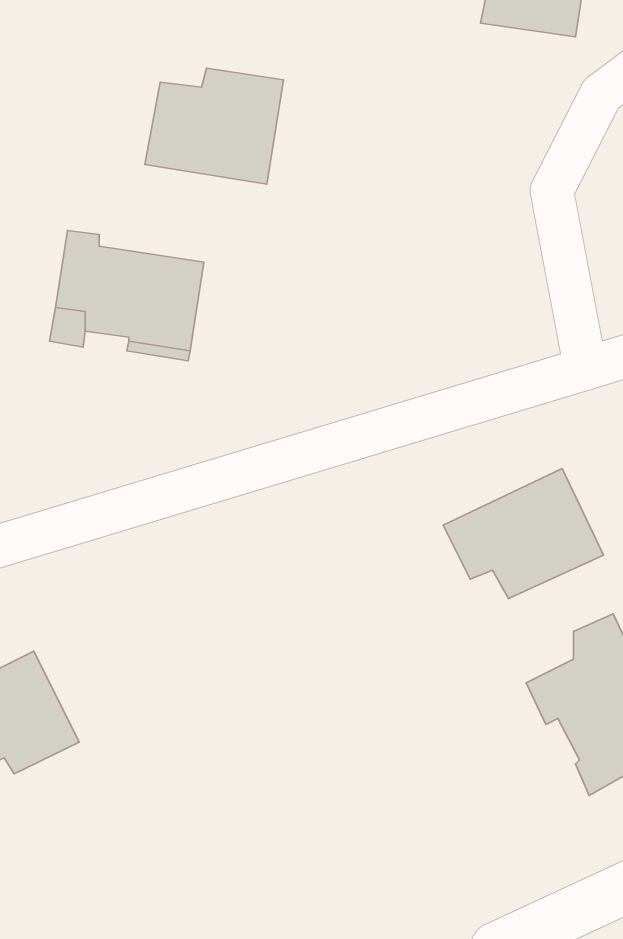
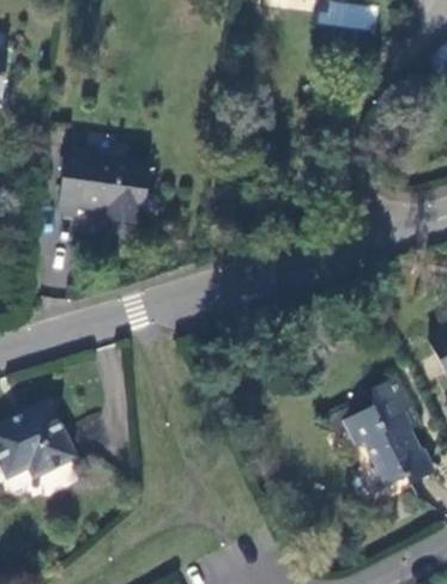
building: [145,68,284,184] -> none
building: [443,469,603,599] -> none

